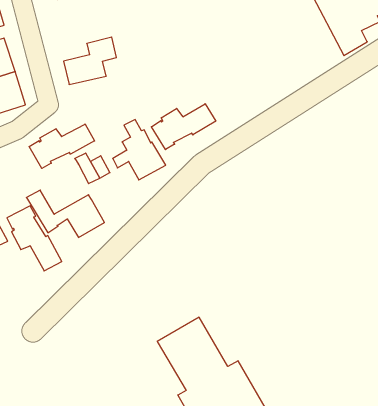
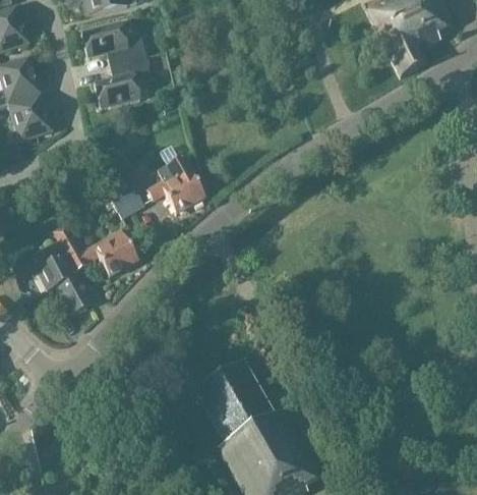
building: none -> [81,22,146,63]
building: [151,104,216,150] -> none
building: [29,124,95,168] -> none

